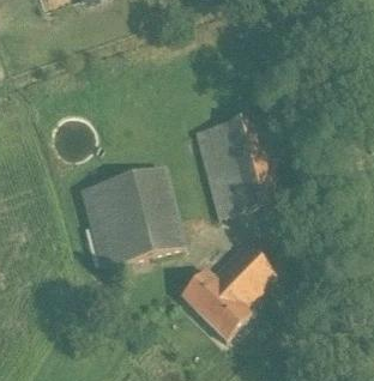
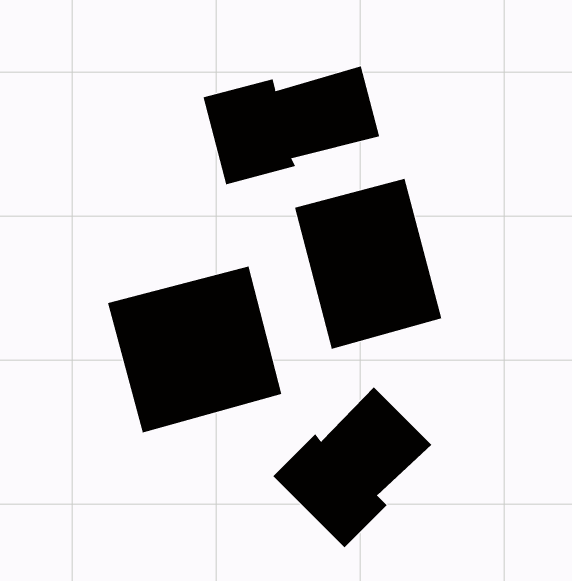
building: none -> [203,65,380,185]

